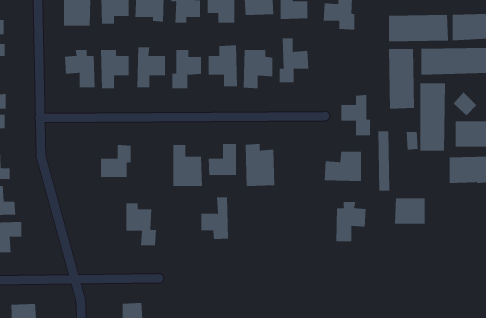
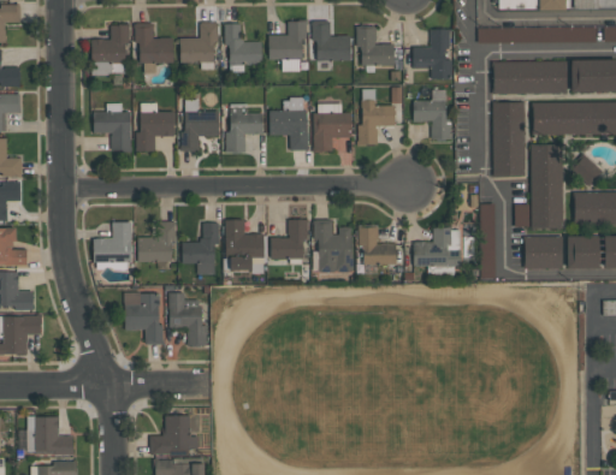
building: [341,95,371,136] -> [414,89,451,139]
building: none -> [94,221,132,262]
building: none -> [359,226,397,266]
building: [201,197,229,240] -> [183,221,218,274]
building: [394,198,426,224] -> [525,236,563,268]
building: [336,201,366,242] -> none
building: none -> [125,292,162,344]

